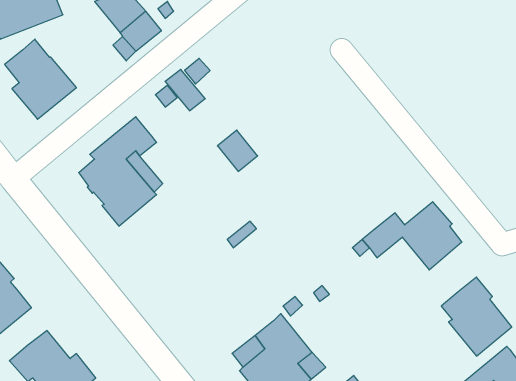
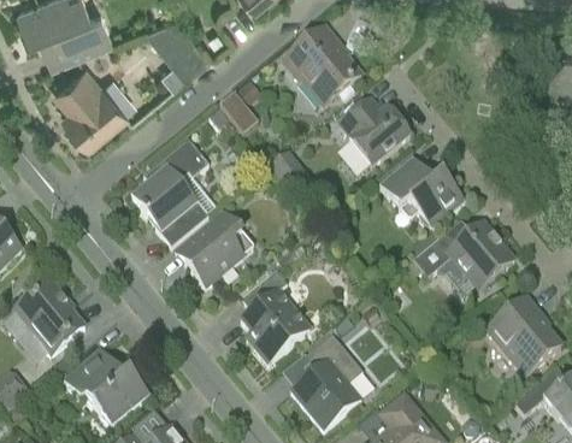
building: none -> [283,31,360,105]
building: none -> [338,98,409,165]
building: none -> [379,156,465,229]
building: none -> [175,212,252,288]
building: none -> [240,270,308,364]

